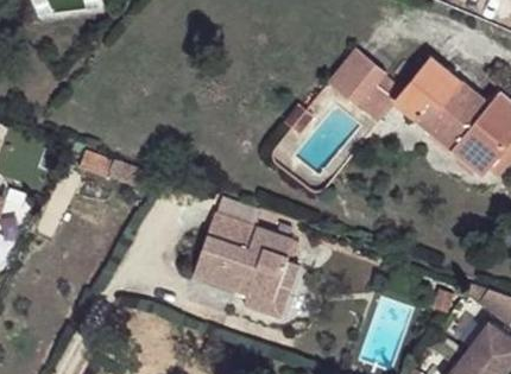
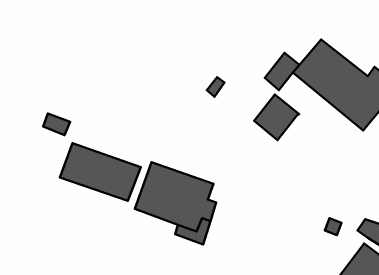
building: [330,49,387,107] -> [254,94,299,140]
building: none -> [60,143,141,201]

